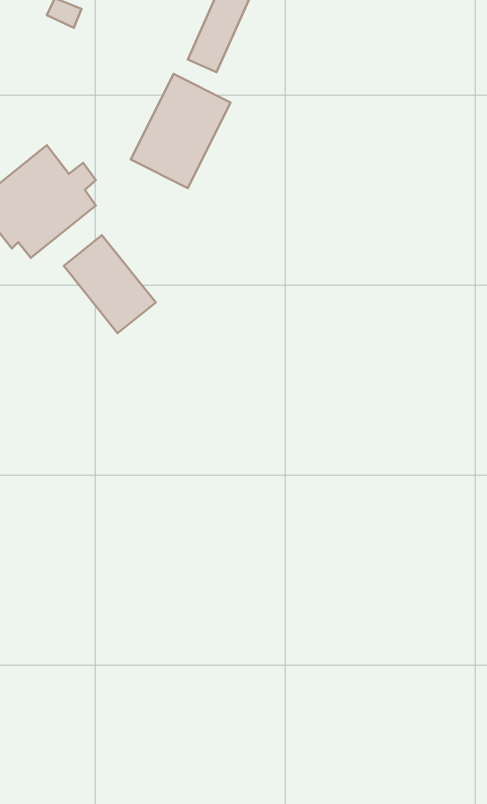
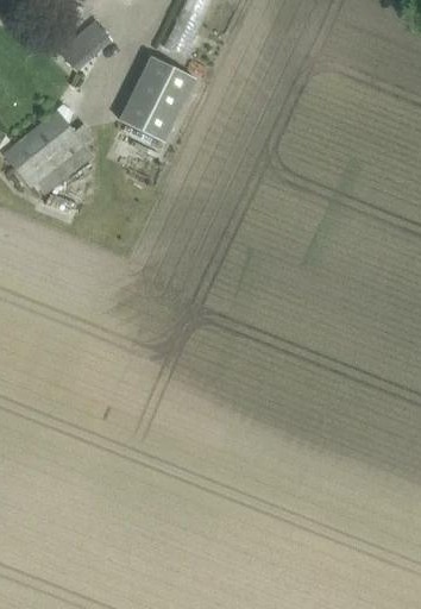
building: none -> [59,20,112,70]
building: [64,235,156,333] -> none

